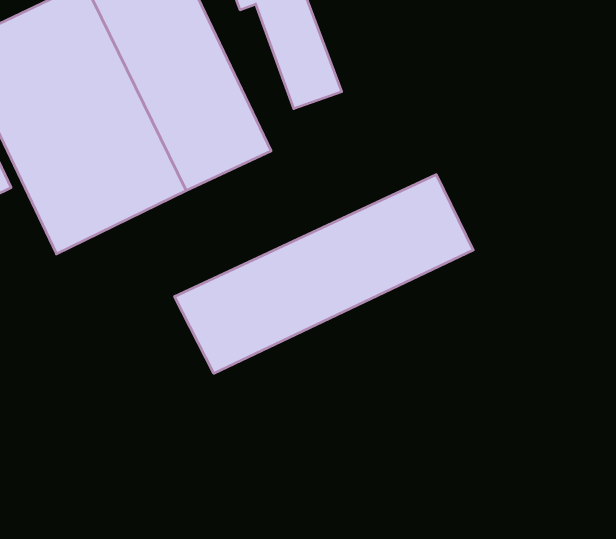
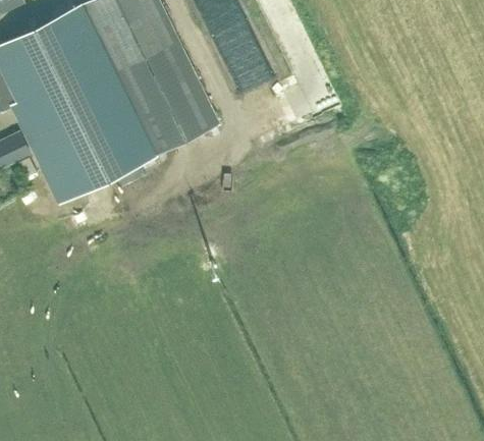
building: [175,175,473,373] -> none

